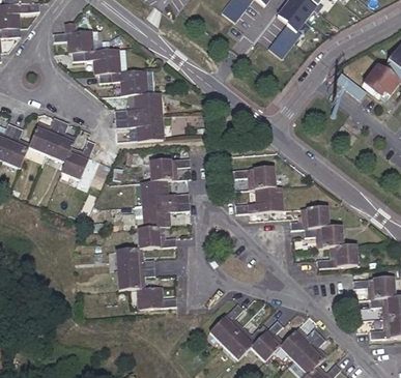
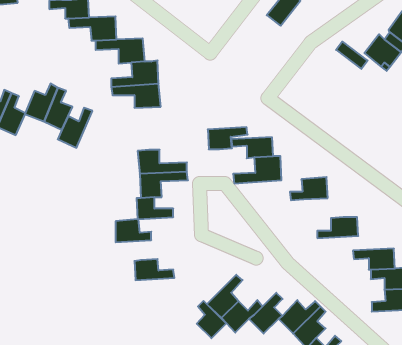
building: [150,158,190,180] -> [208,127,248,149]
building: [304,227,343,249] -> none
building: [118,269,154,291] -> none
building: none -> [197,301,226,338]

